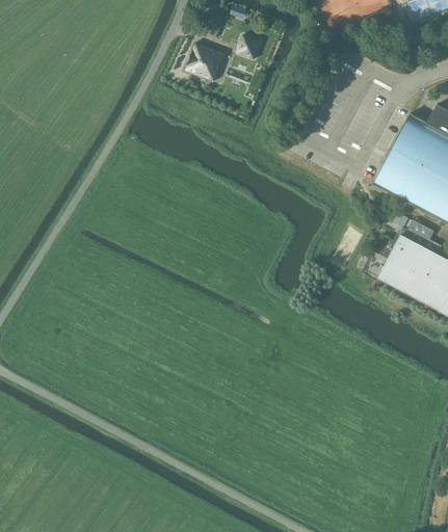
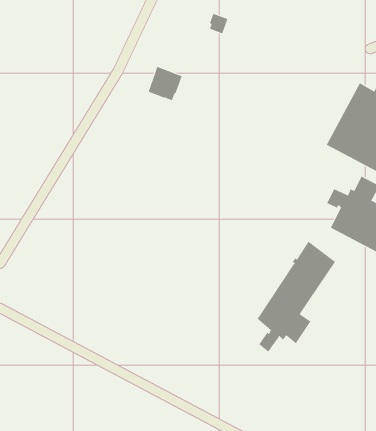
building: [186,41,226,80] -> [148,66,182,101]
building: none -> [257,241,336,352]

